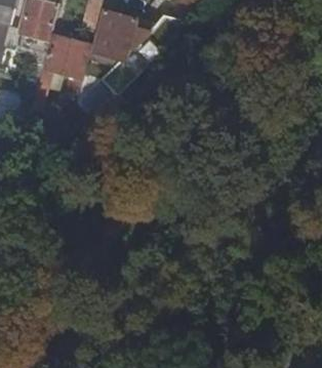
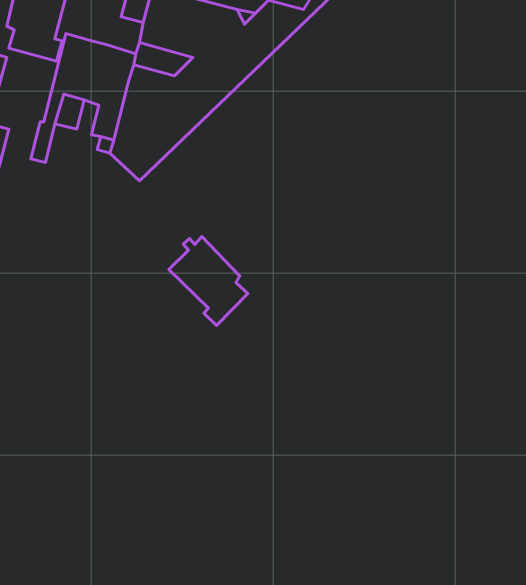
building: none -> [169,237,248,326]

